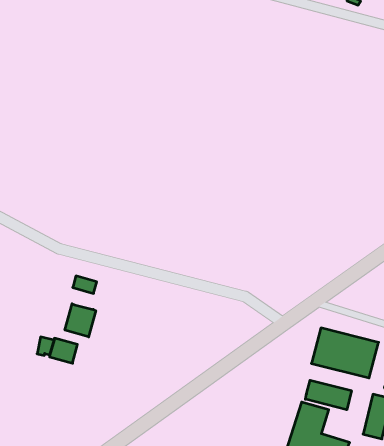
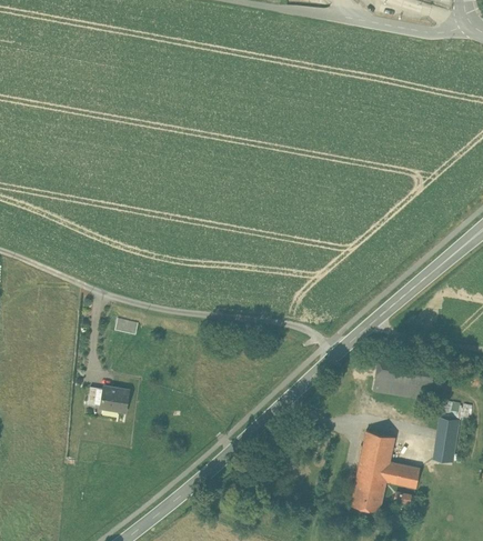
building: [65,304,96,337] -> none
building: [305,380,351,410] -> none

